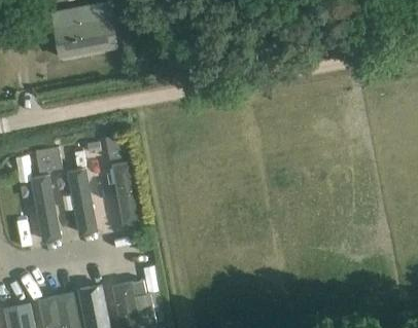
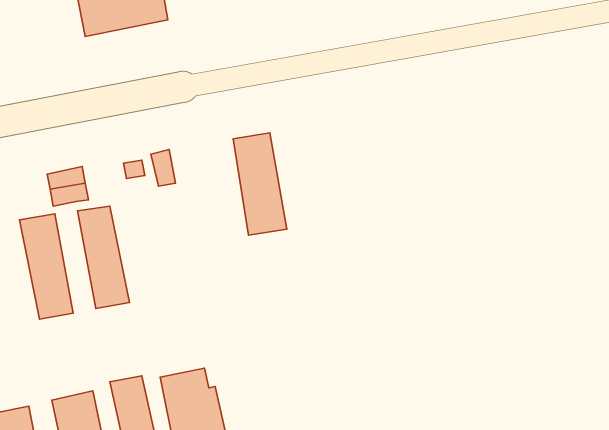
building: [99,161,135,230] -> [233,133,287,235]

